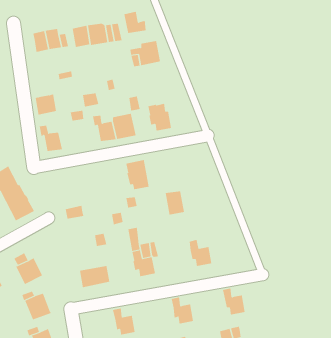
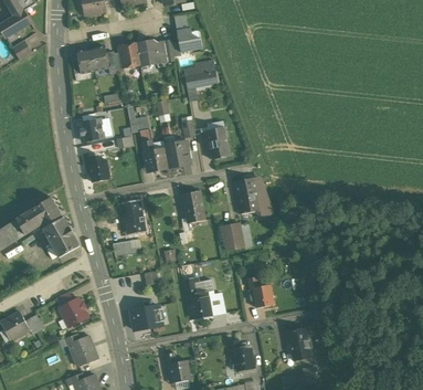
building: none -> [233,180,261,213]
building: none -> [119,202,146,234]

